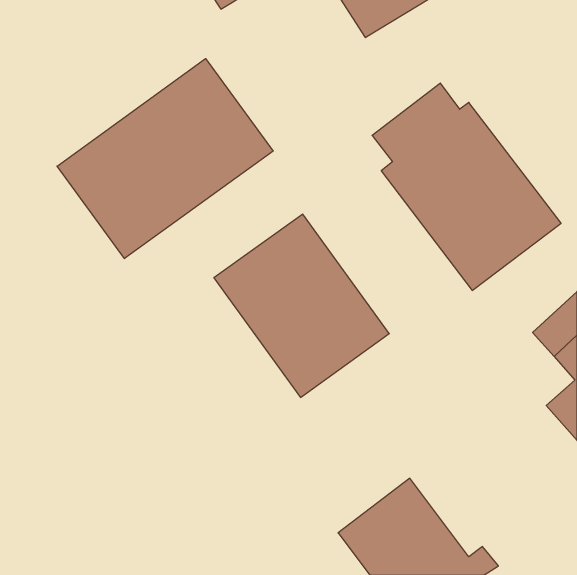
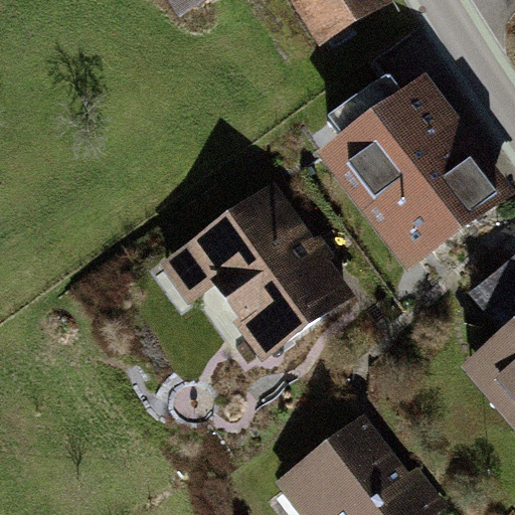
building: [57,59,273,259] -> none

